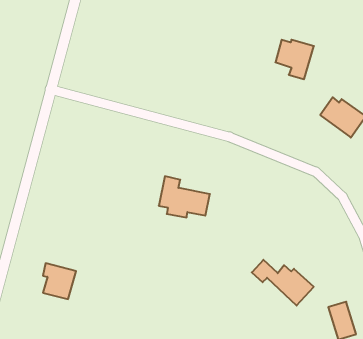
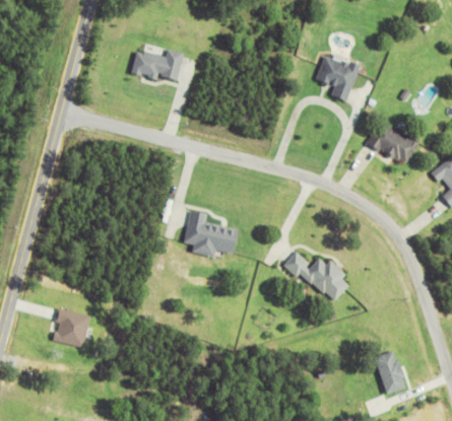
building: none -> [131,49,184,79]
building: [252,260,314,306] -> [281,251,351,302]

